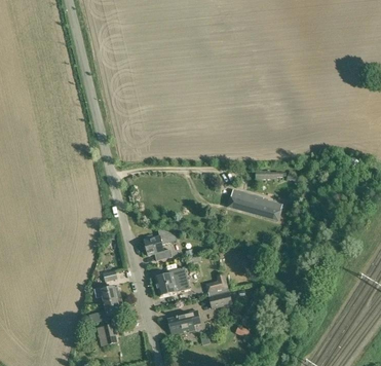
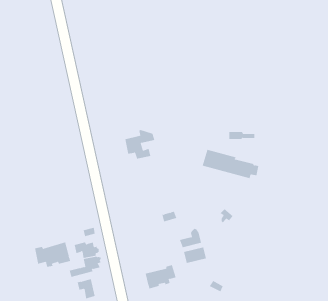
building: [144,228,176,259] -> [125,129,155,159]
building: [154,266,189,295] -> none
building: none -> [34,242,71,268]

